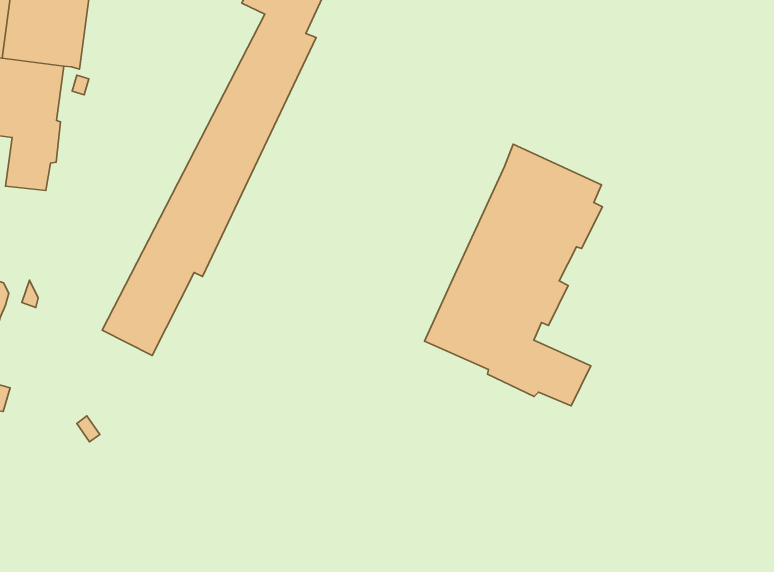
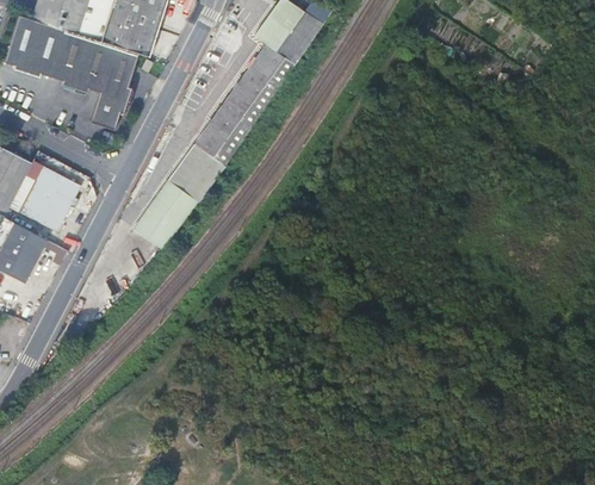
building: [425,144,603,406] -> none

